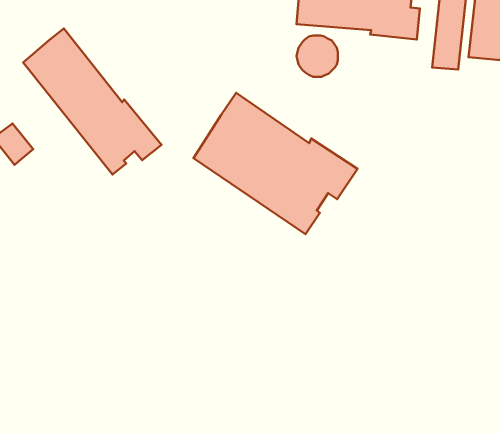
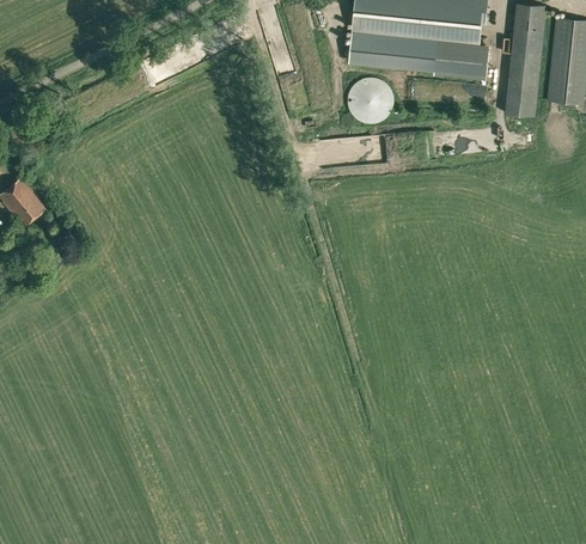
building: [23,29,161,174] -> none
building: [194,93,358,234] -> none

